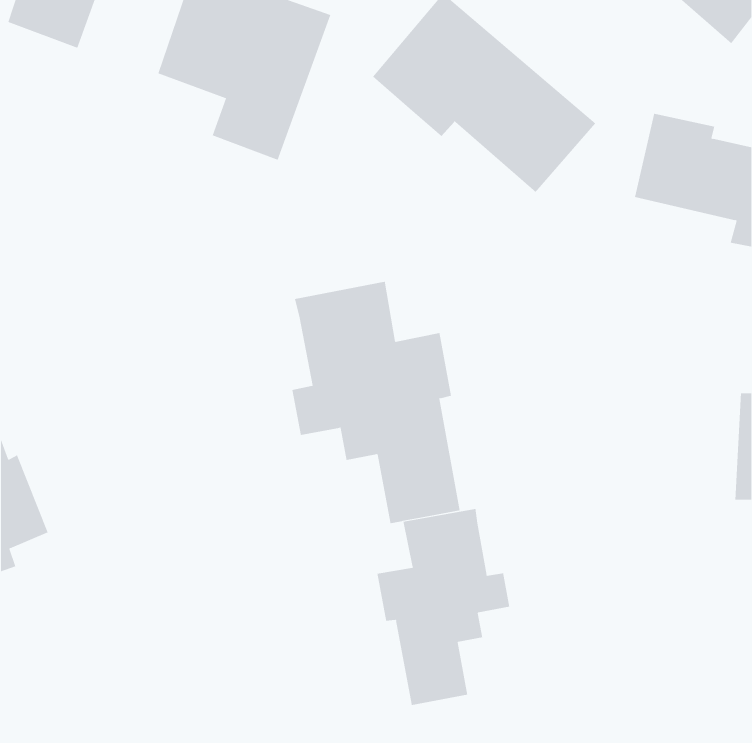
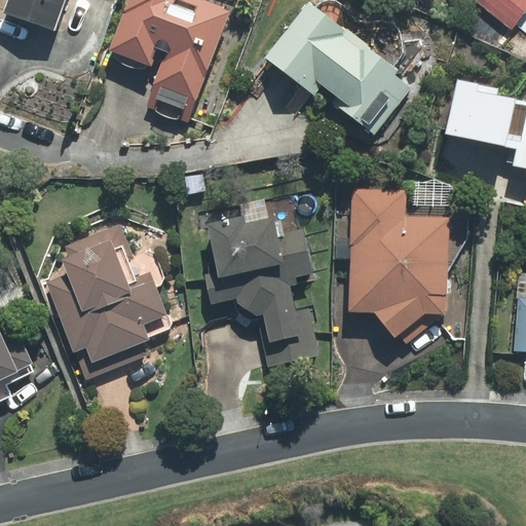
building: none -> [346,180,450,339]
building: none -> [44,218,172,376]
building: [377,508,510,706] -> none

